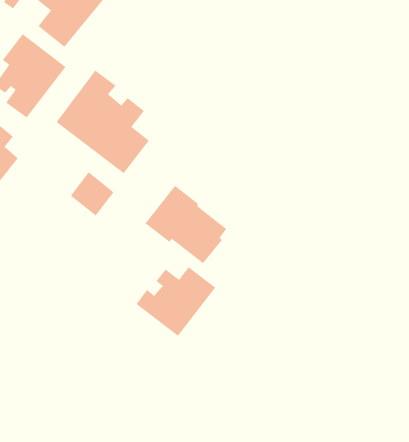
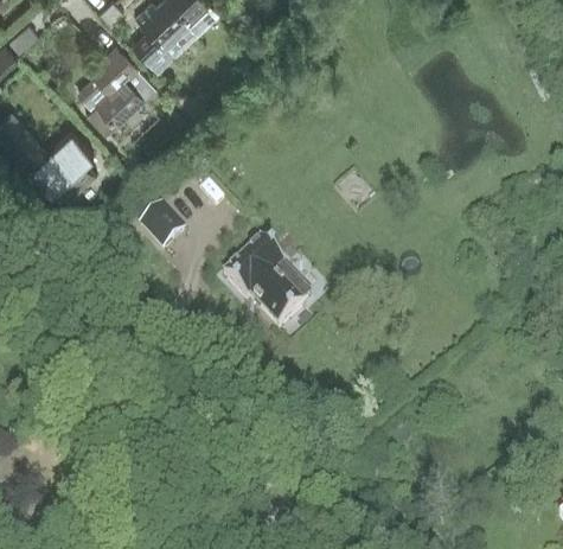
building: [56,70,150,174] -> none
building: [135,266,216,337] -> none

